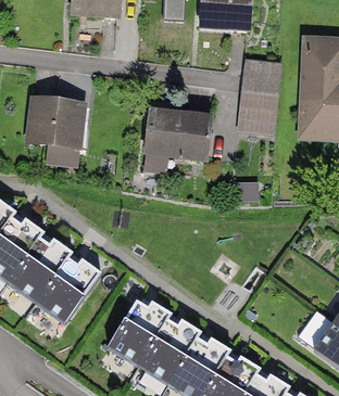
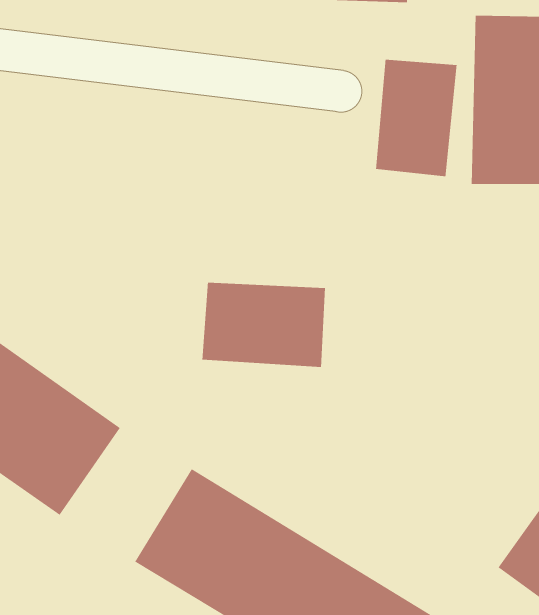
building: [28,102,91,150] -> none
building: [149,114,219,163] -> [201,282,326,368]

